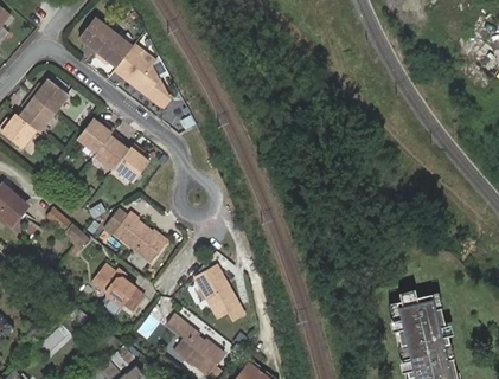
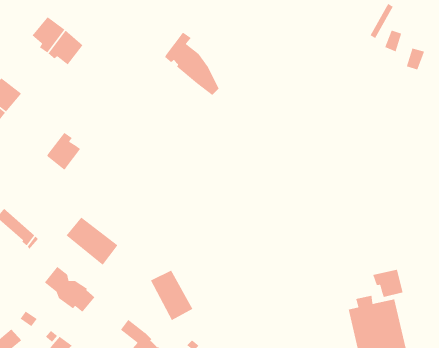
building: [115,44,169,107] -> [164,32,220,96]
building: [78,118,115,153] -> none
building: [115,143,148,181] -> none
building: none -> [372,269,404,298]

